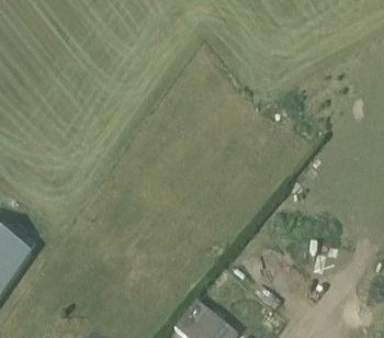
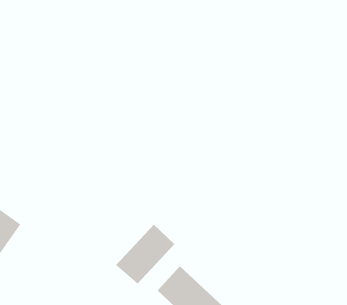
building: none -> [115,224,175,285]

